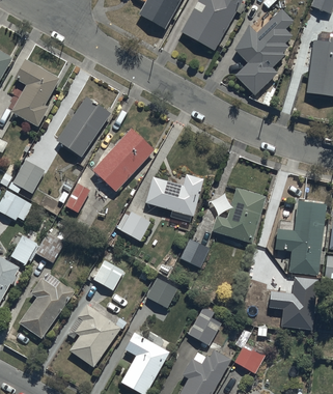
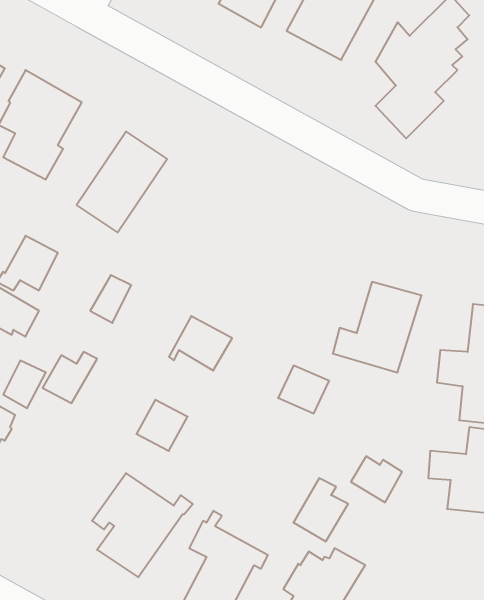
building: [90,126,154,191] -> none
building: [144,173,203,216] -> none
building: [18,273,73,337] -> none
building: [145,278,175,307] -> none
building: [232,345,263,373] -> [351,456,402,502]

